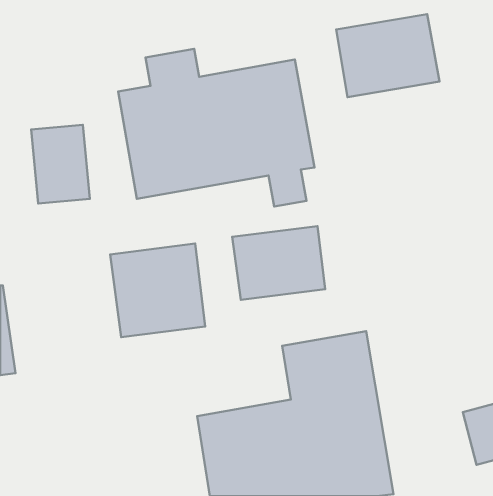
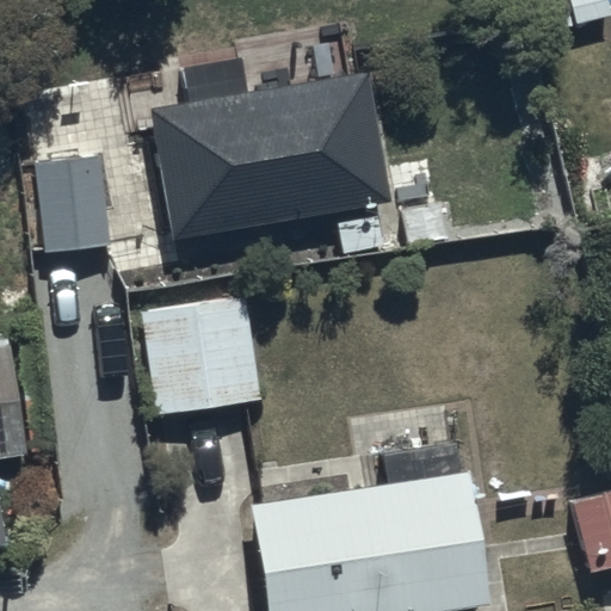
building: [336,14,439,97] -> none
building: [232,226,325,300] -> none

